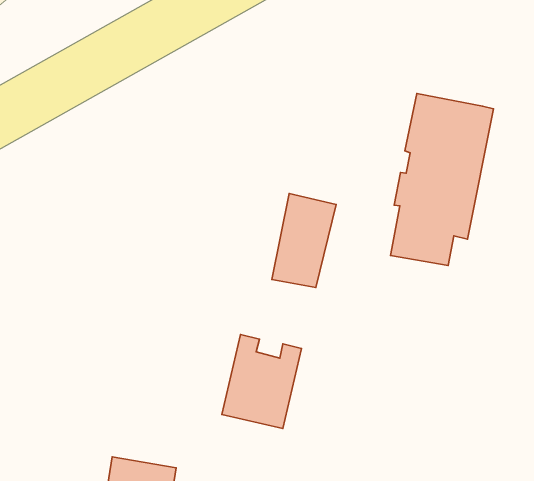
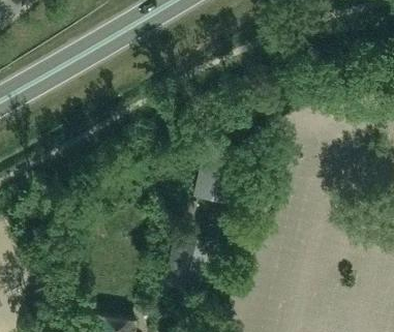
building: [390,94,494,265] -> none

